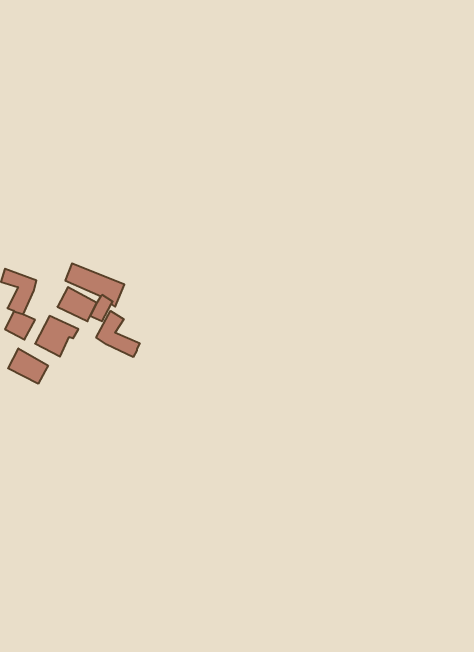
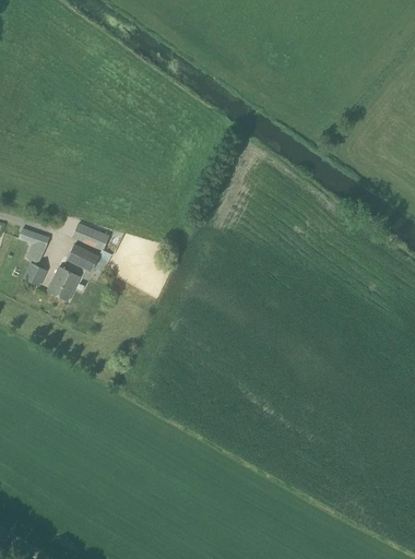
building: [96,311,140,357] -> none
building: [8,348,48,384] -> none

